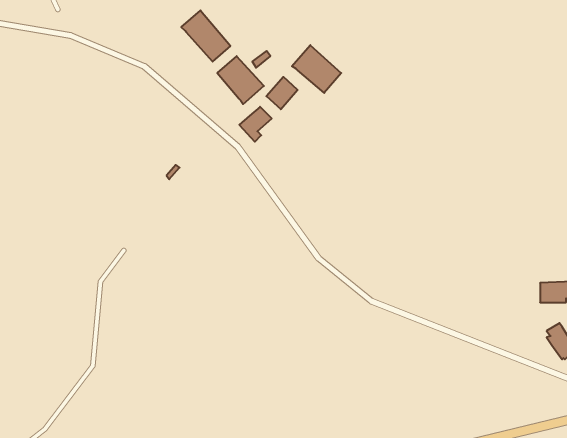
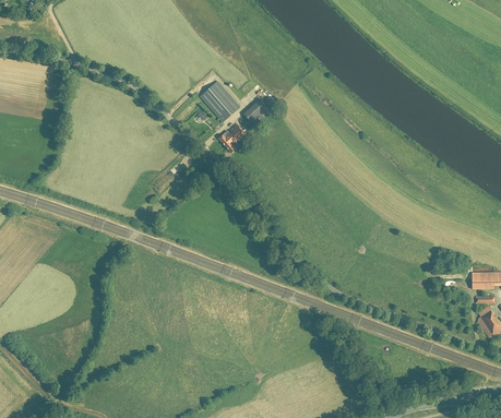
building: [181,10,230,62] -> none
building: [292,45,341,93] -> none

